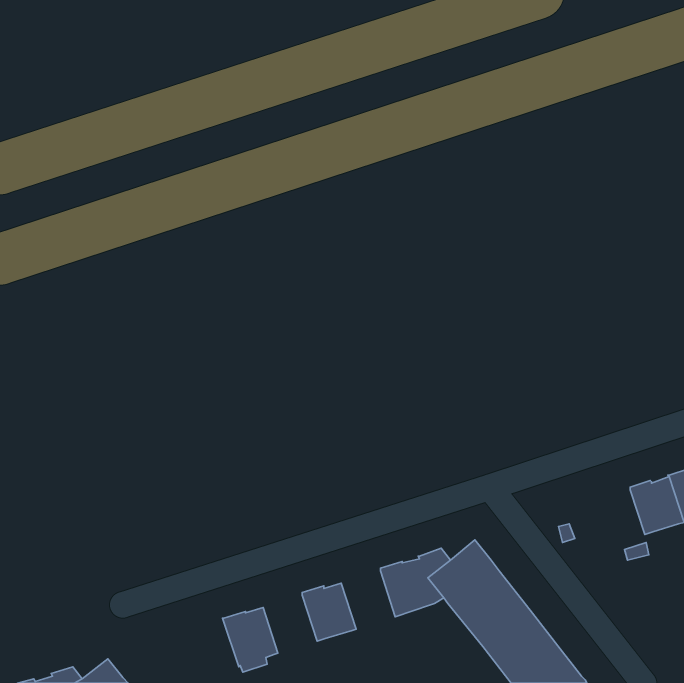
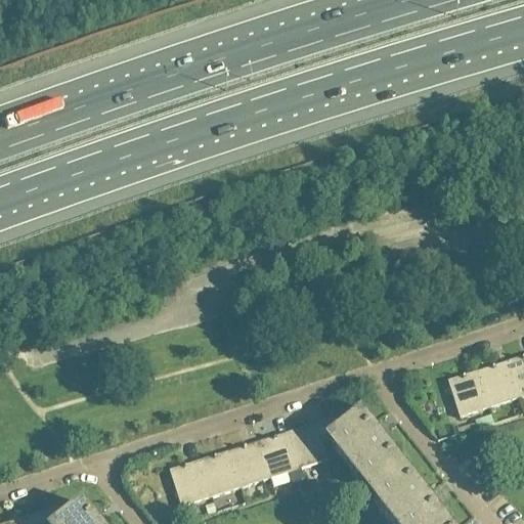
building: none -> [451,372,493,416]
building: none -> [263,433,304,477]
building: none -> [203,451,245,495]

